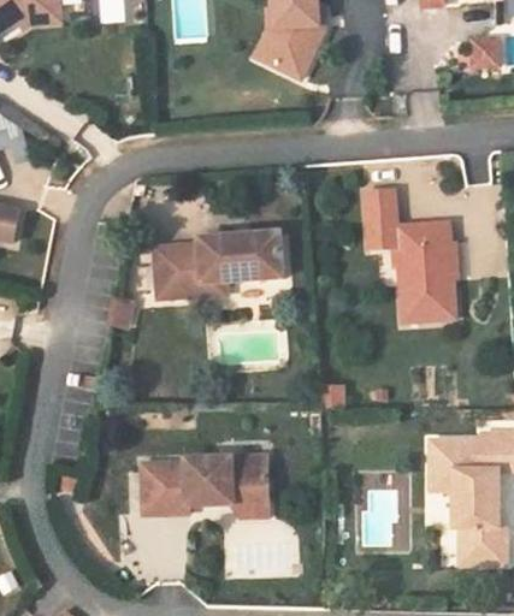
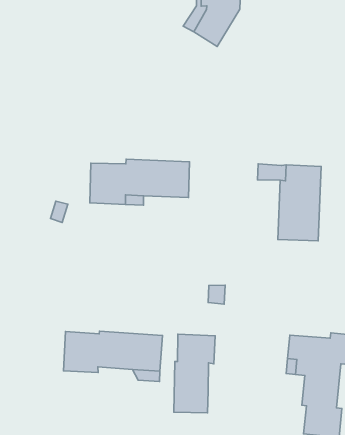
building: [364,188,396,225] -> none
building: none -> [174,334,215,413]

